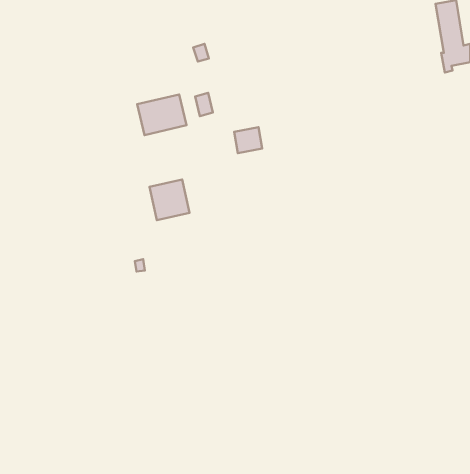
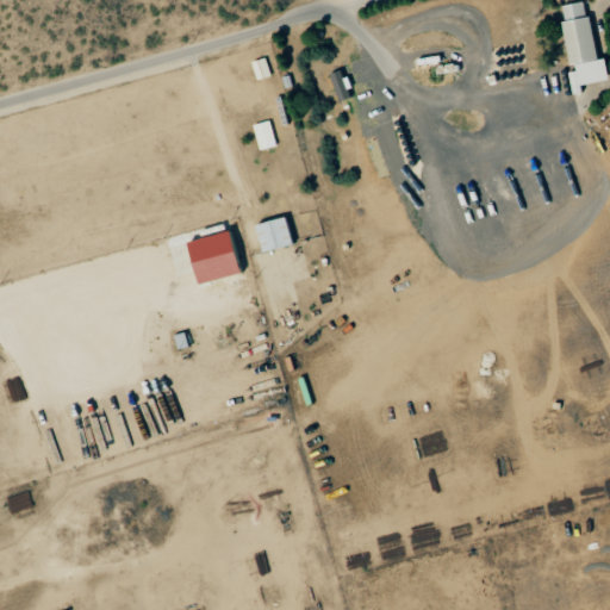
building: [137,95,186,135] -> none
building: [234,127,262,153] -> [257,217,293,250]

